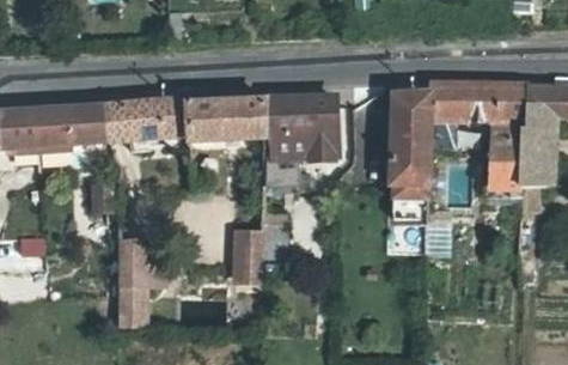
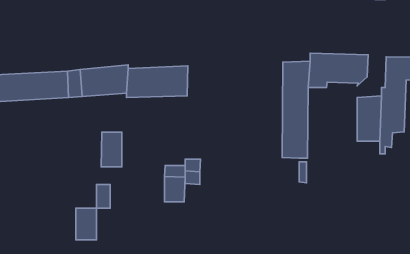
building: [491,84,530,140] -> none
building: [273,96,334,157] -> none
building: [120,241,147,286] -> [101,132,122,167]

